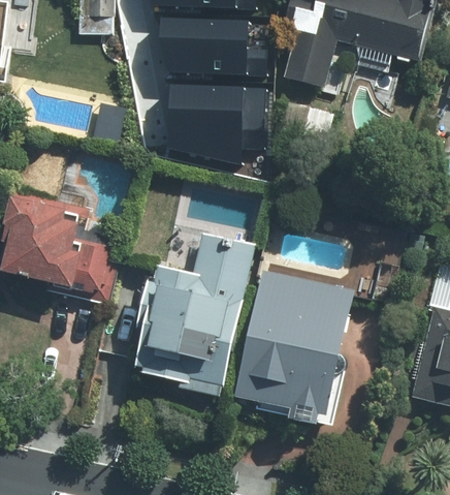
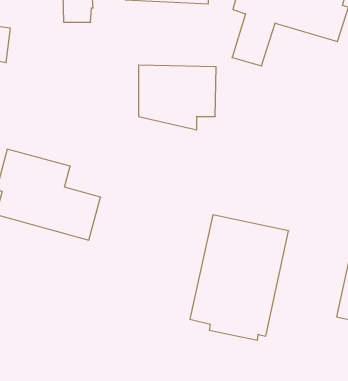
building: [160,16,267,76] -> none
building: [134,233,254,388] -> none

